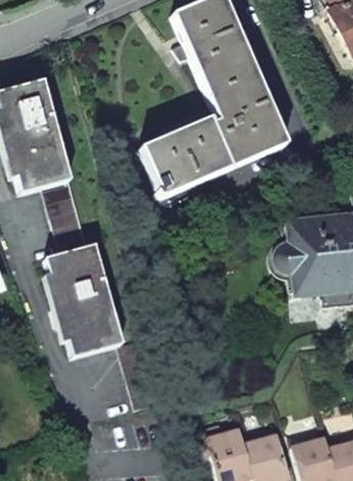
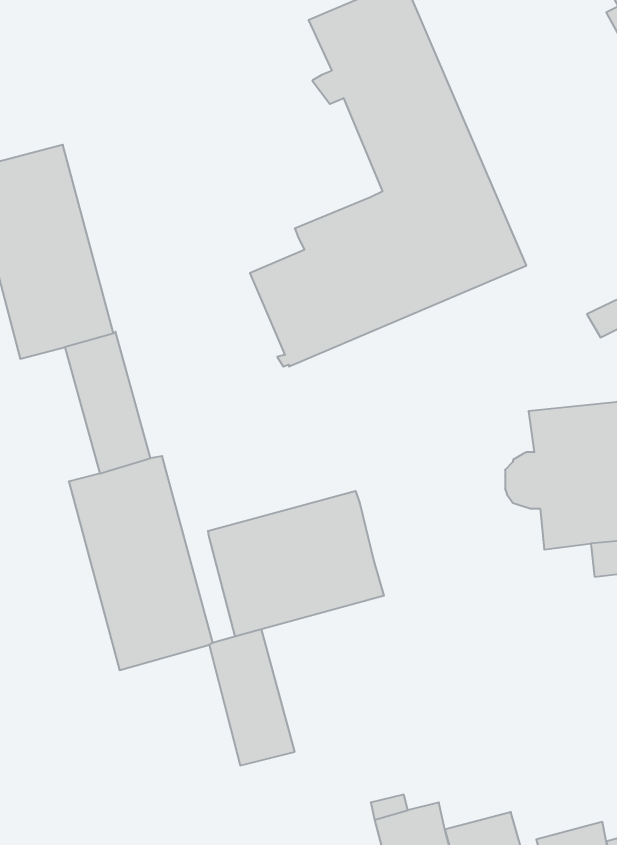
building: none -> [208,491,384,636]

